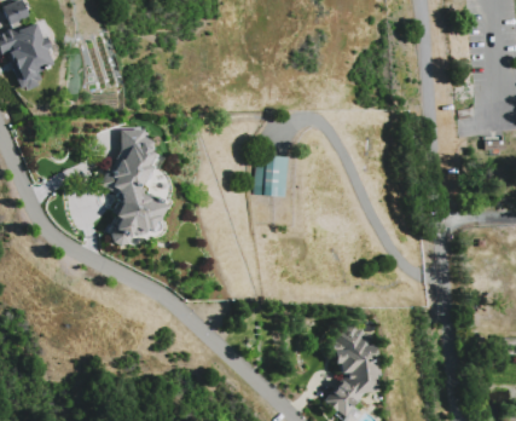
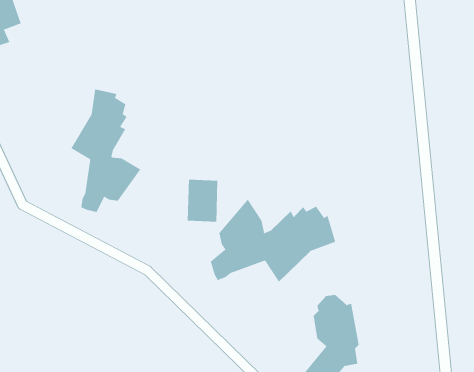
building: [259,155,289,196] -> [187,179,218,222]
building: none -> [210,199,336,283]

